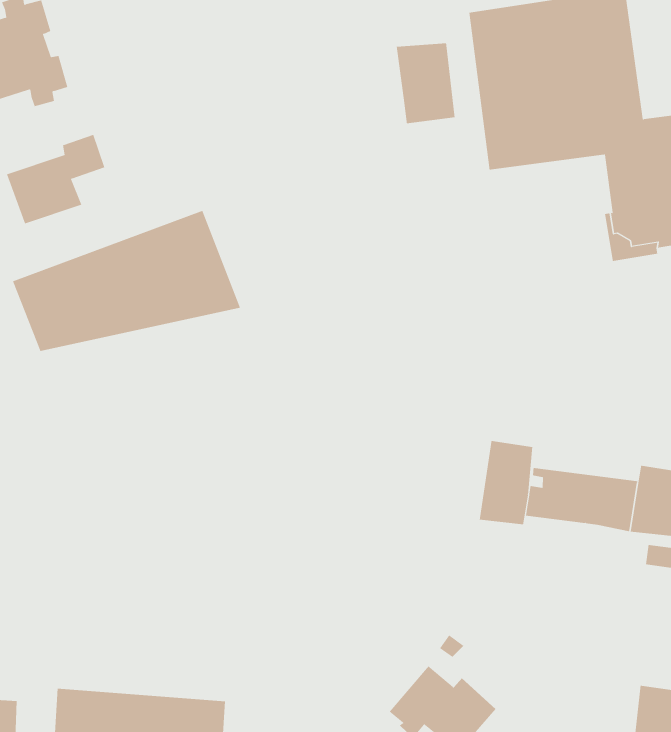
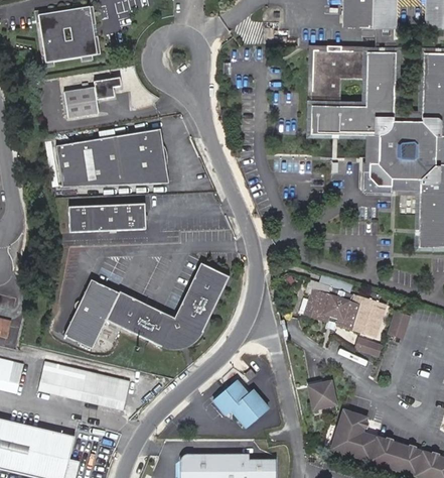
building: [396,43,455,124] -> none
building: none -> [70,203,147,232]
building: [479,440,533,525] -> none
building: none -> [56,263,230,349]
building: none -> [308,381,336,408]

